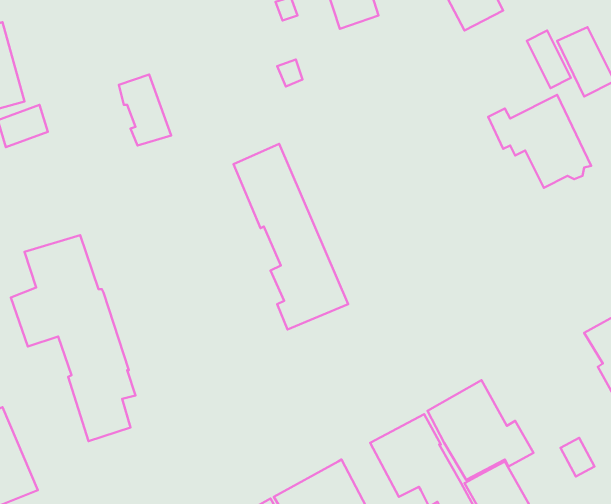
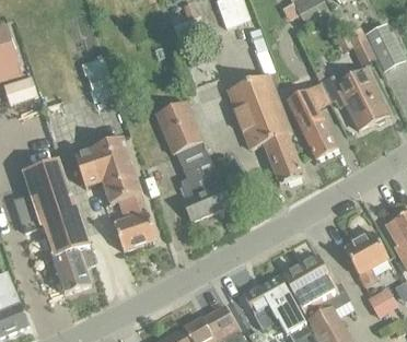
building: none -> [229,74,304,185]
building: none -> [287,83,338,160]
building: none -> [74,137,155,249]
building: none -> [344,232,388,286]

